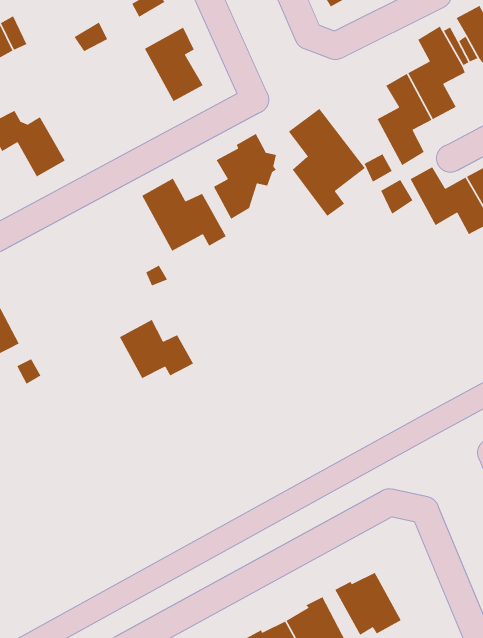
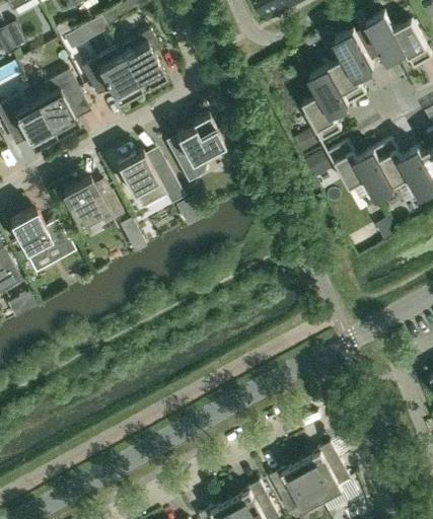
building: none -> [81,48,142,104]
building: none -> [37,70,82,137]
building: [288,108,366,217] -> none
building: none -> [9,209,67,260]
building: [119,319,194,379] -> [64,179,124,227]
building: none -> [302,443,351,501]

